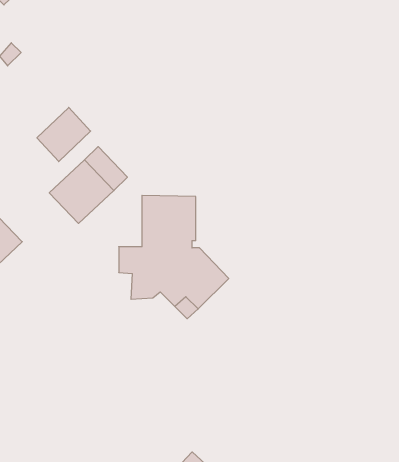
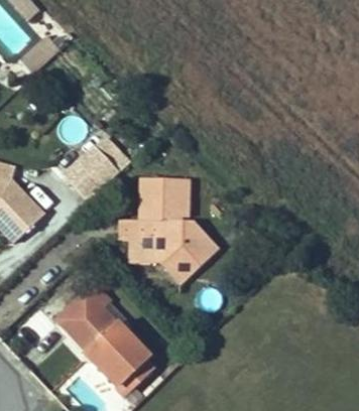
building: [37,107,91,162] -> none
building: none -> [56,283,152,384]

